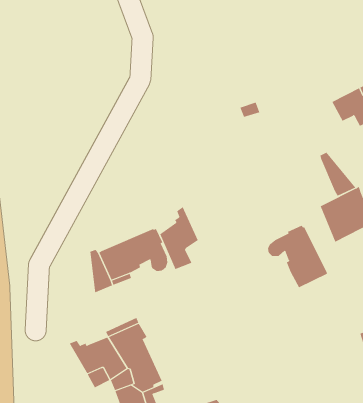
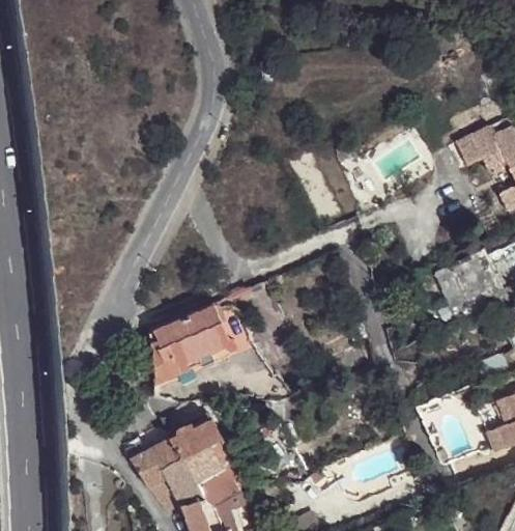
building: [320,152,356,197] -> none
building: [159,206,199,270] -> none
building: [268,225,328,288] -> none

